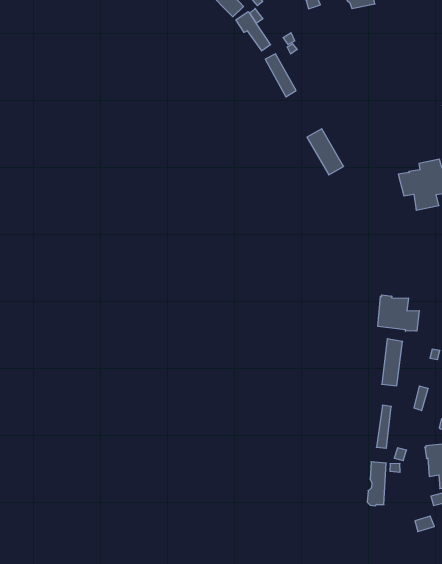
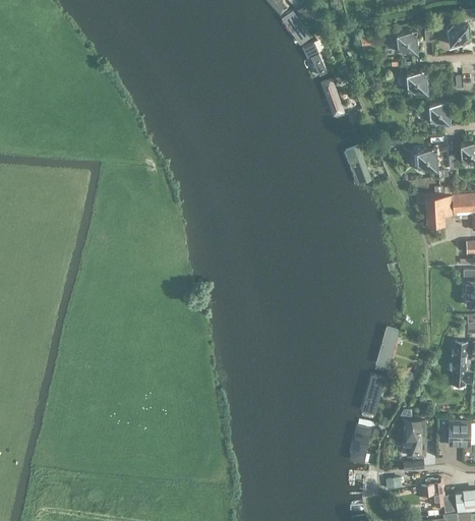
building: none -> [405,72,428,94]
building: none -> [428,103,451,124]
building: none -> [416,150,438,172]
building: [378,295,419,331] -> none

